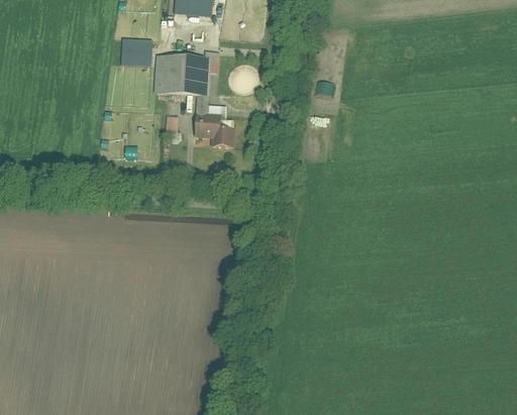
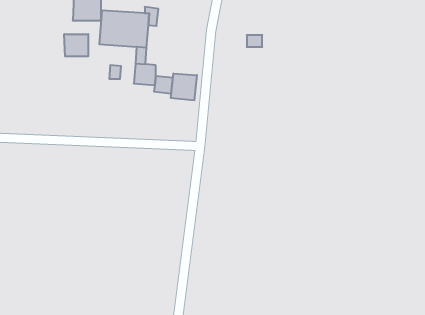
building: none -> [64,34,88,56]
building: none -> [171,73,197,100]

